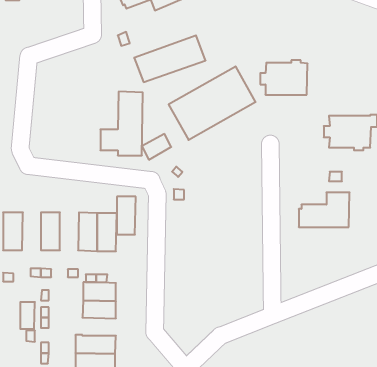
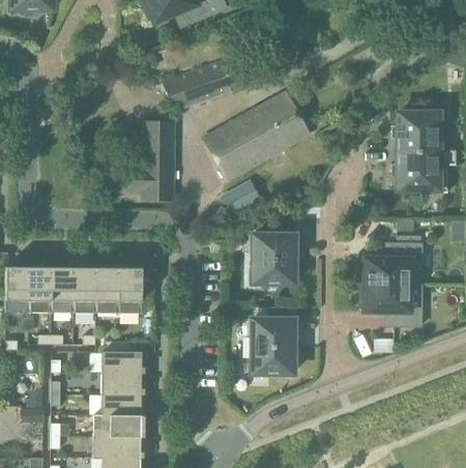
building: [260,60,308,95] -> [390,109,447,150]
building: [142,134,171,160] -> [224,182,259,213]
building: none -> [250,234,297,285]
building: [117,197,136,235] -> [74,266,96,312]
building: none -> [28,266,51,312]
building: none -> [360,284,420,325]
building: none -> [249,305,296,375]
building: none -> [100,392,141,414]

